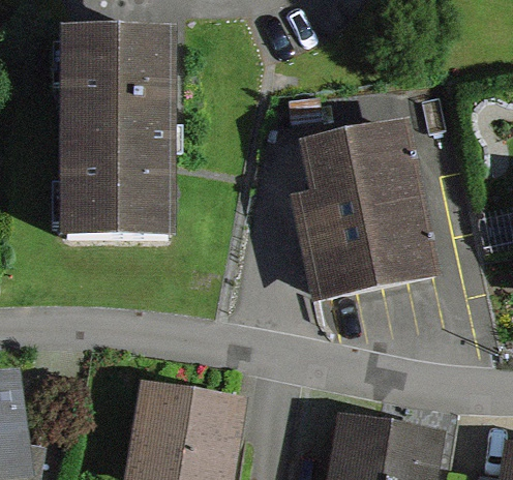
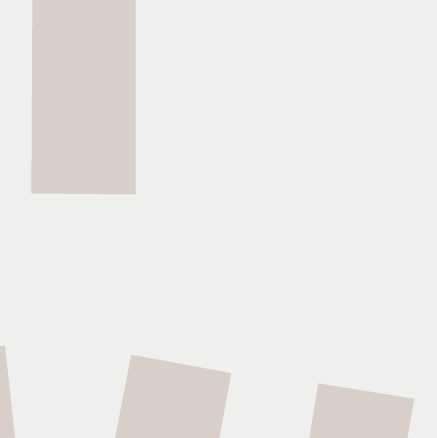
building: [298,128,441,299] -> none

